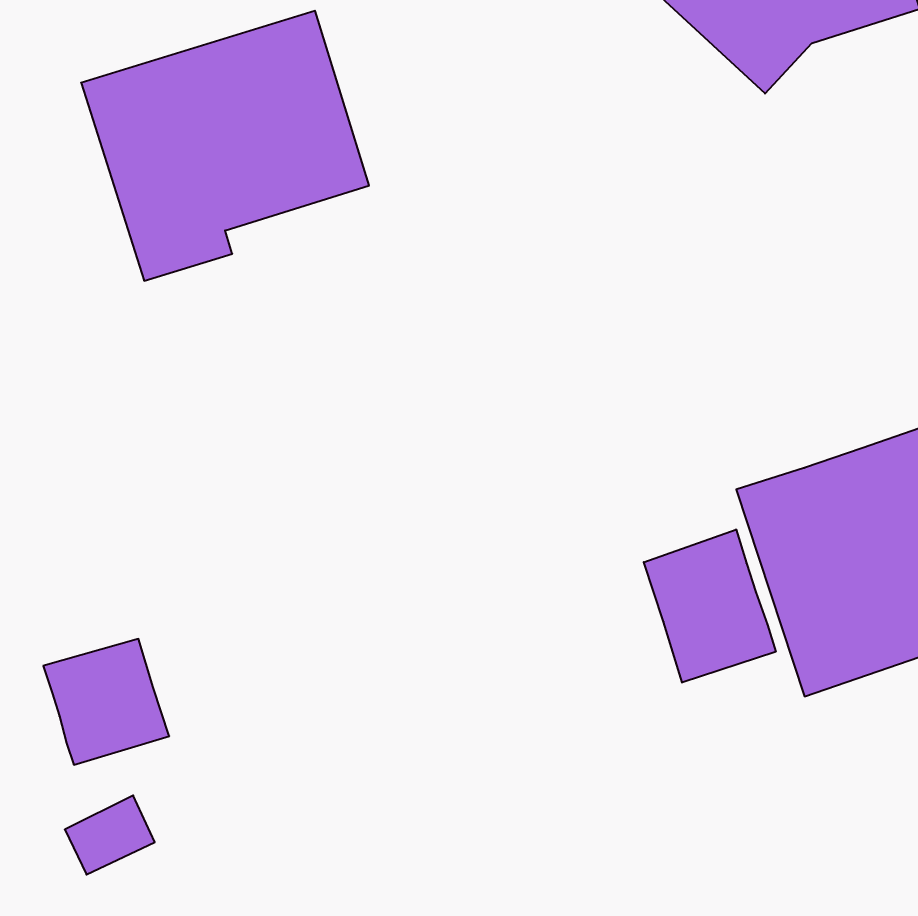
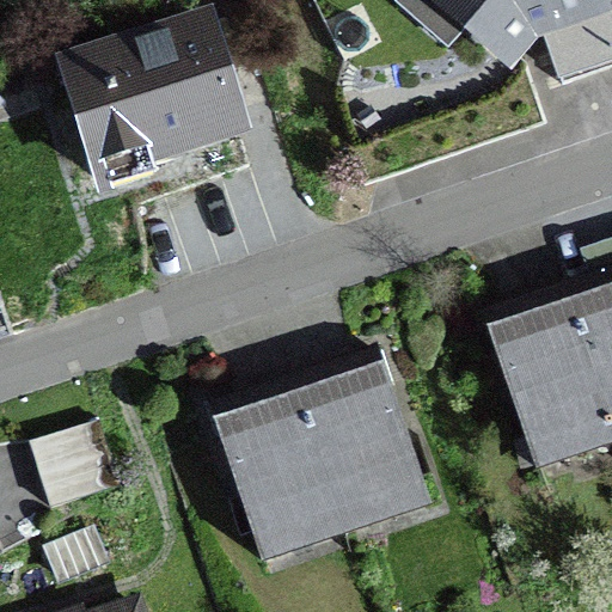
building: [644,529,776,683] -> none
building: none -> [214,362,427,553]

